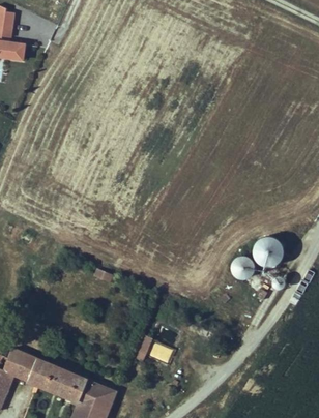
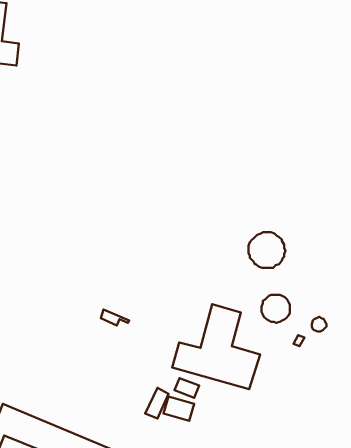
building: [253,236,284,266] -> [249,232,285,268]
building: none -> [172,304,260,389]

